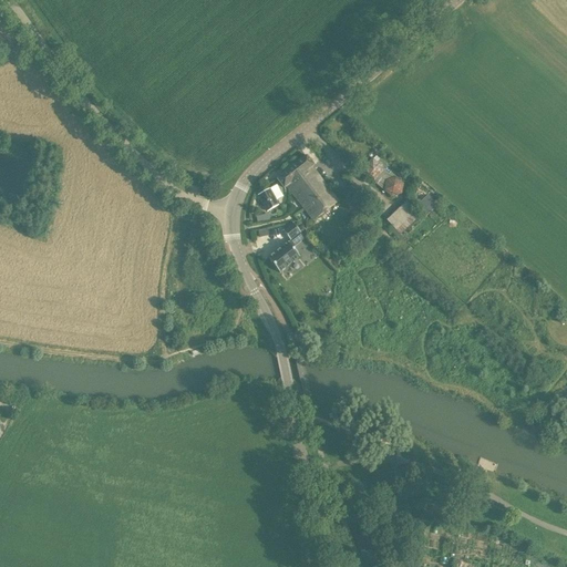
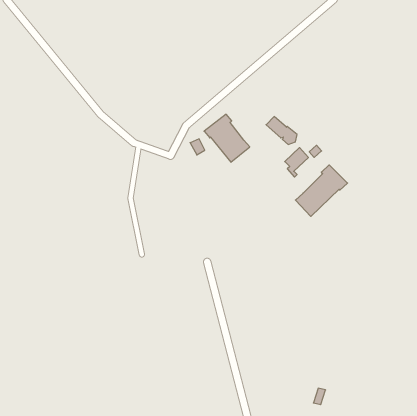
building: [268,221,305,272] -> none
building: none -> [295,165,348,216]

